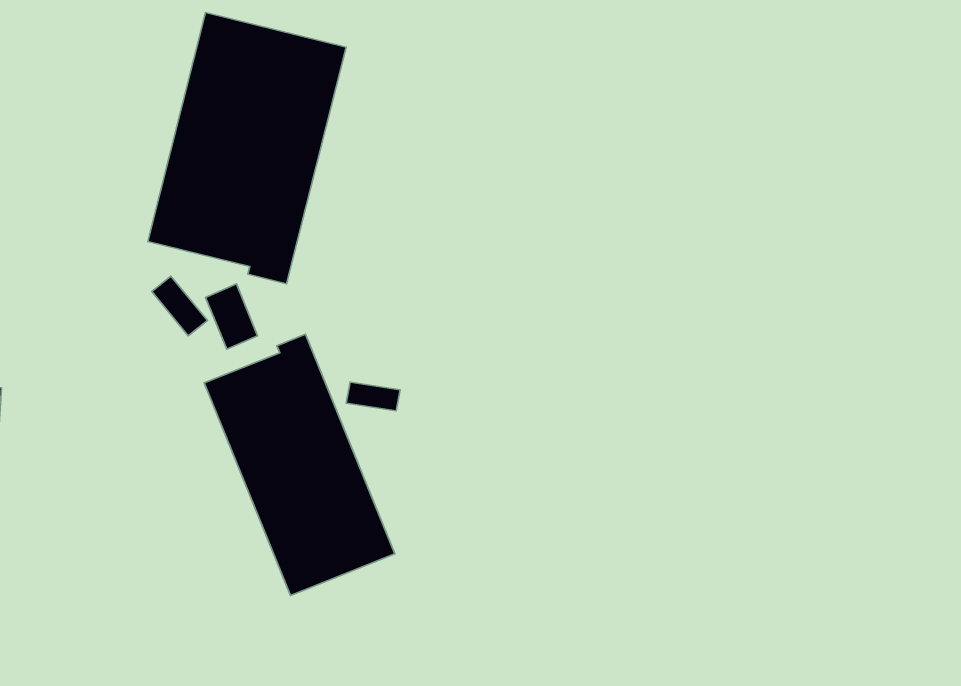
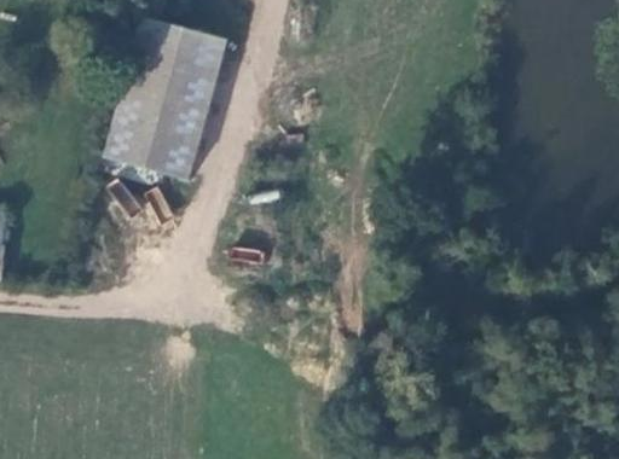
building: [204,334,395,595] -> none

